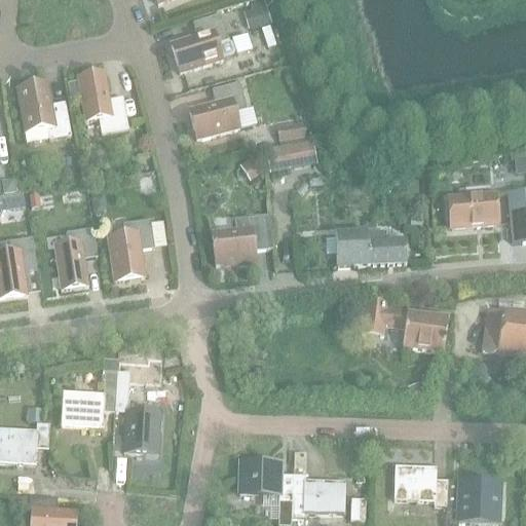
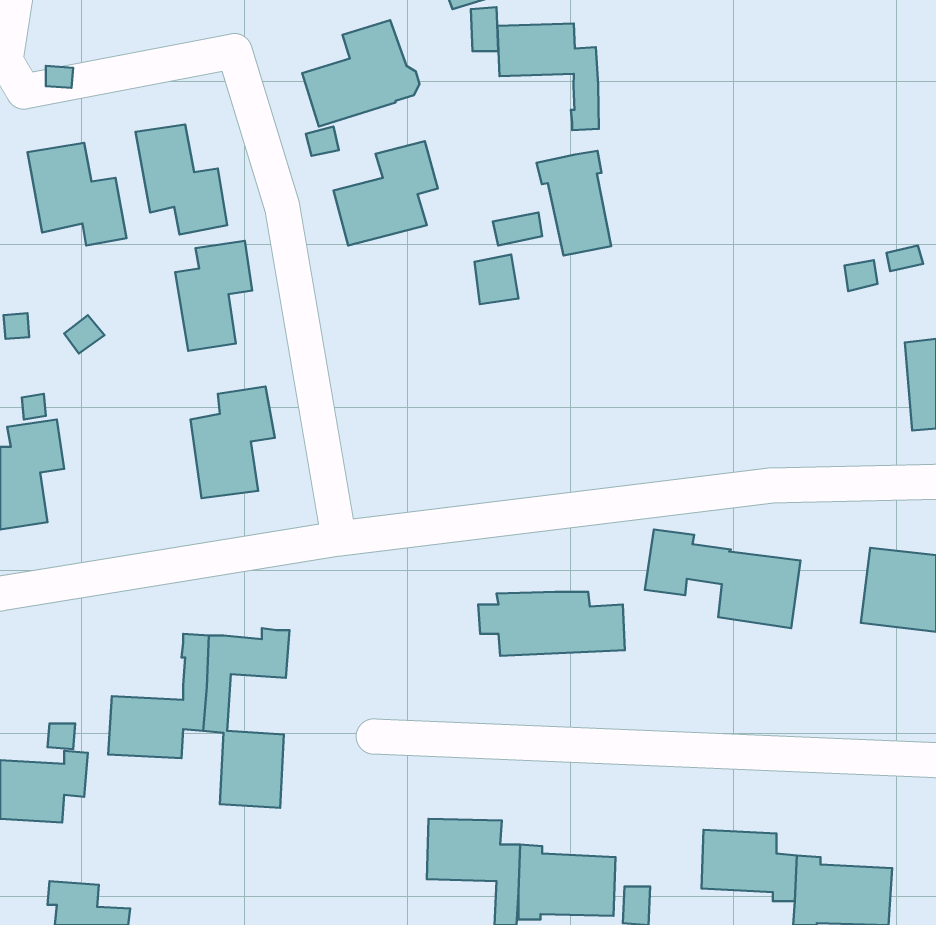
building: none -> [498,23,599,130]
building: none -> [537,151,611,256]
building: [448,192,497,226] -> none
building: [211,213,272,263] -> none
building: [53,226,97,288] -> [175,241,252,351]
building: [324,229,406,265] -> [478,592,625,656]

